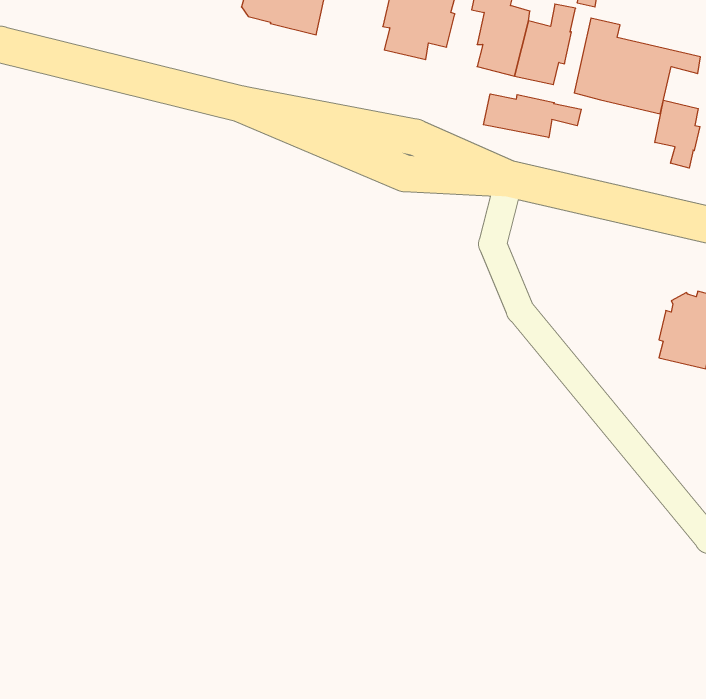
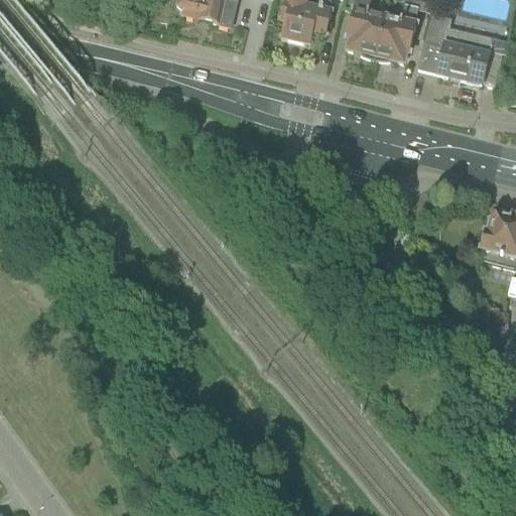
building: [483,94,581,138] -> none
building: [655,100,700,168] -> none

